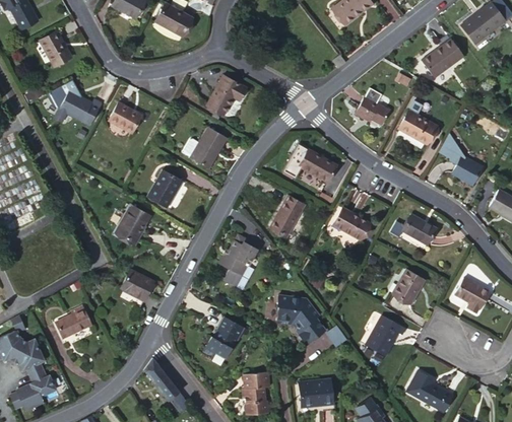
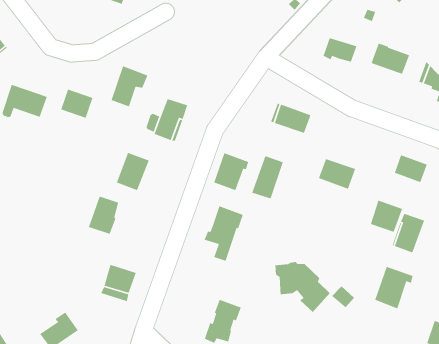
building: [207,75,246,115] -> [111,65,149,107]
building: none -> [213,152,249,191]
building: none -> [370,199,403,233]

